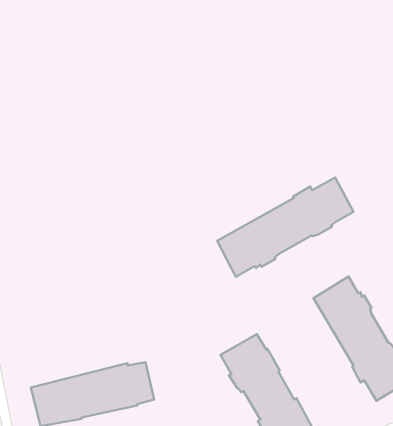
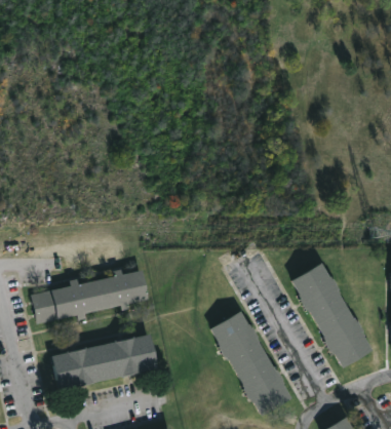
building: [217,177,354,277] -> none
building: none -> [34,270,147,323]

